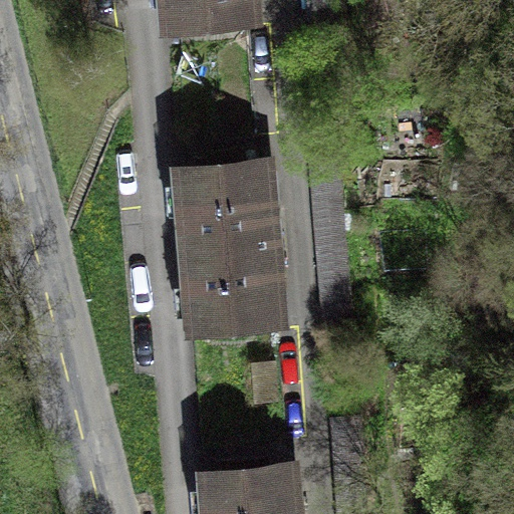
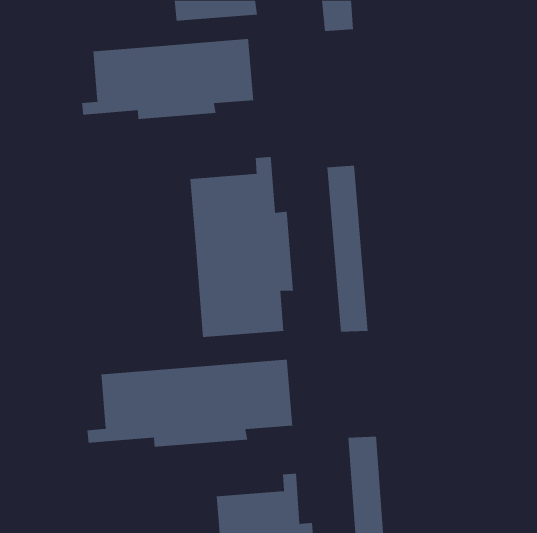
building: none -> [81,38,254,120]
building: none -> [87,359,293,448]

